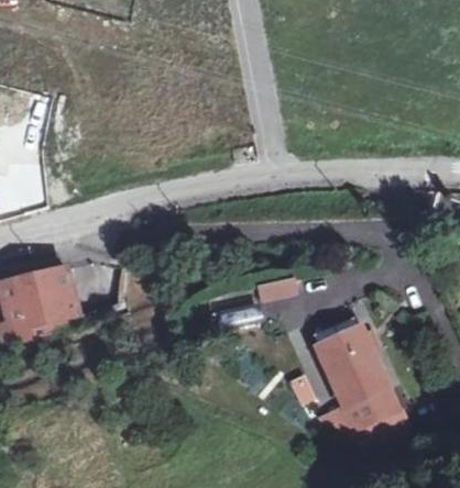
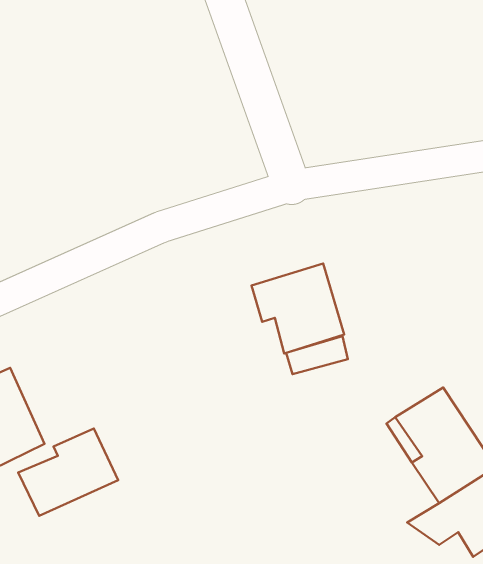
building: none -> [252,263,344,354]
building: none -> [18,429,118,516]

